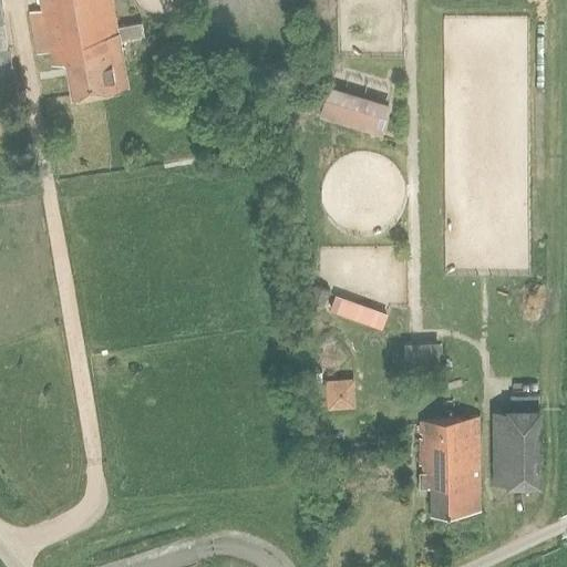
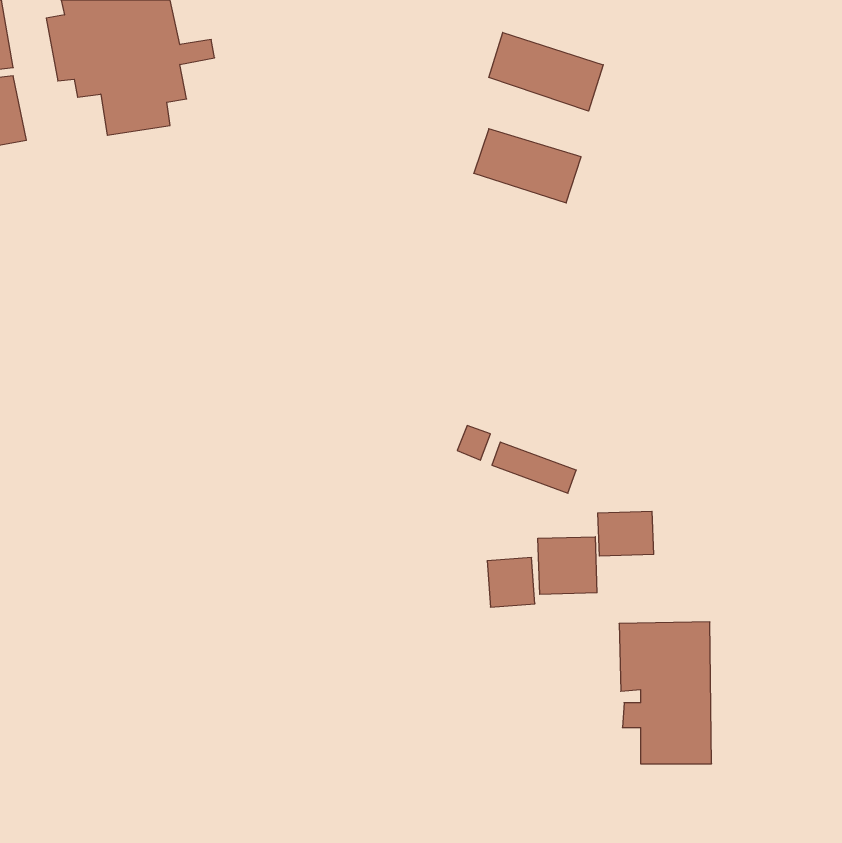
building: none -> [489,32,603,111]
building: none -> [538,537,597,594]
building: [489,395,543,487] -> none

